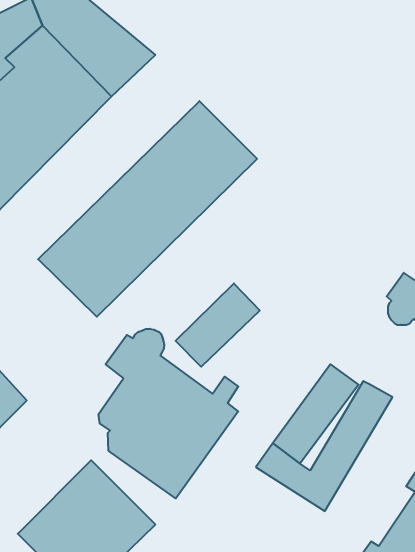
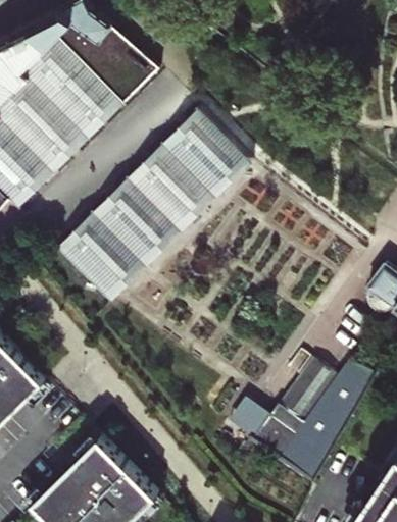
building: [176,283,260,367] -> none
building: [99,329,238,498] -> none
building: none -> [225,402,264,440]

